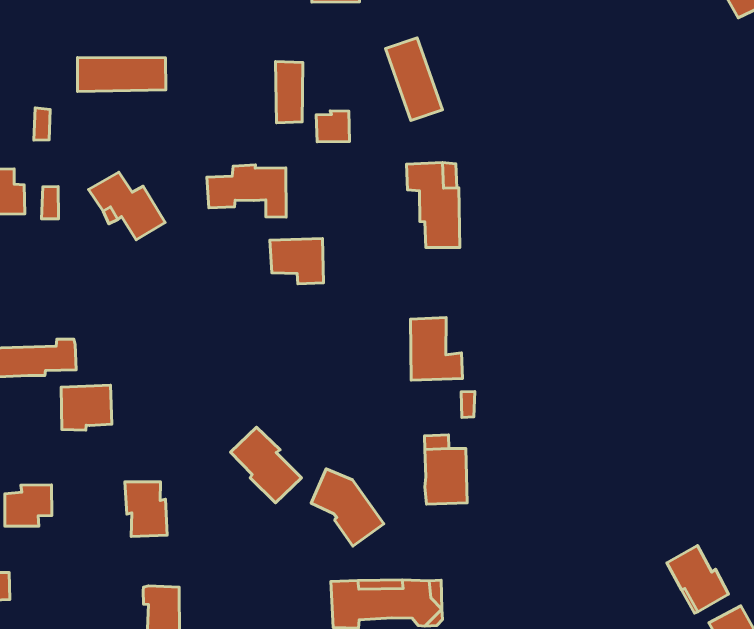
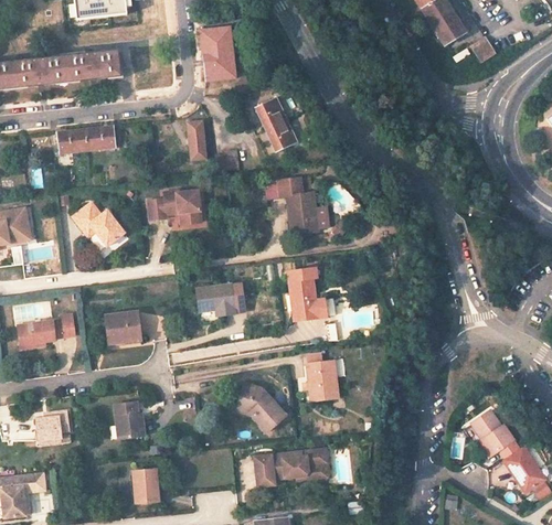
building: [270,239,323,284] -> [197,285,234,315]
building: [61,385,112,430] -> [105,311,140,343]
building: [230,427,302,503] -> none

